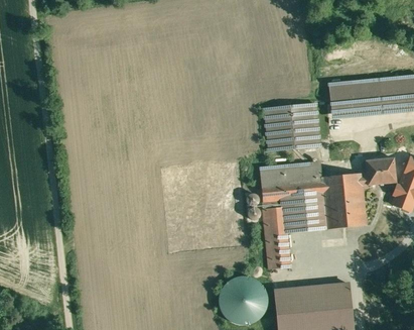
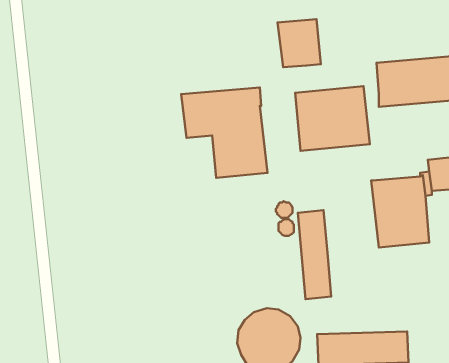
building: none -> [277,19,321,67]
building: [261,161,328,232] -> [181,88,268,178]

